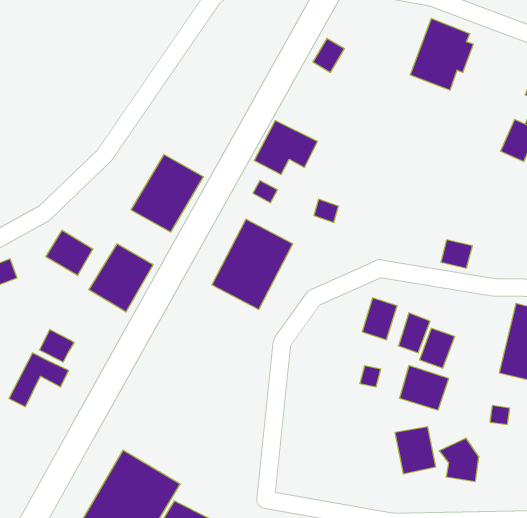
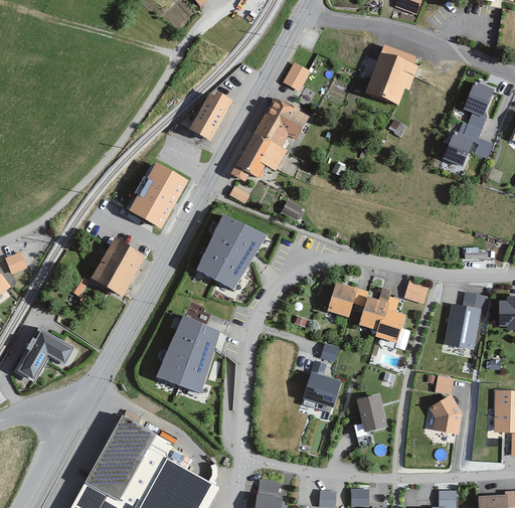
building: none -> [190,93,232,140]
building: none -> [253,97,311,146]
building: [46,230,93,276] -> none
building: [441,240,472,268] -> [402,280,430,304]
building: [39,329,74,362] -> none
building: none -> [158,316,223,394]
building: [399,365,449,410] -> [301,371,343,409]
building: [439,438,479,481] -> [425,396,460,434]

